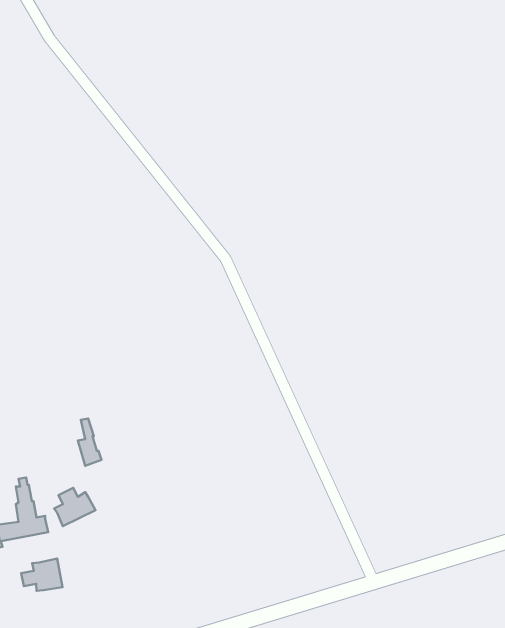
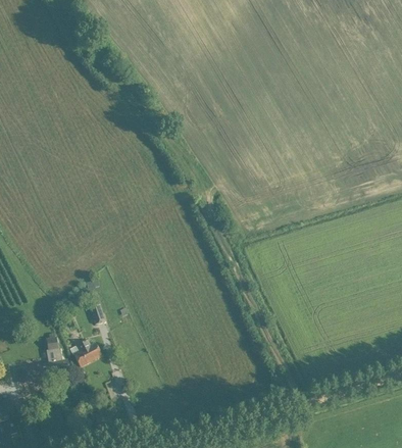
building: [21,558,63,591] -> none

